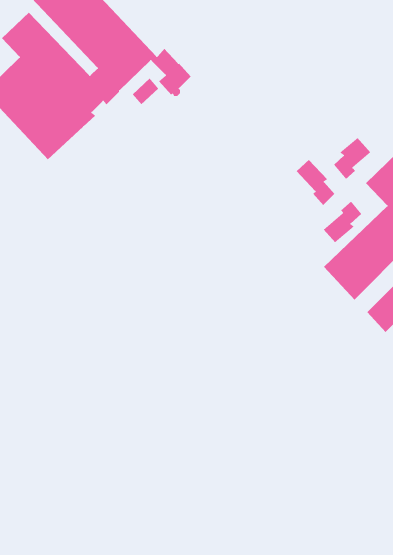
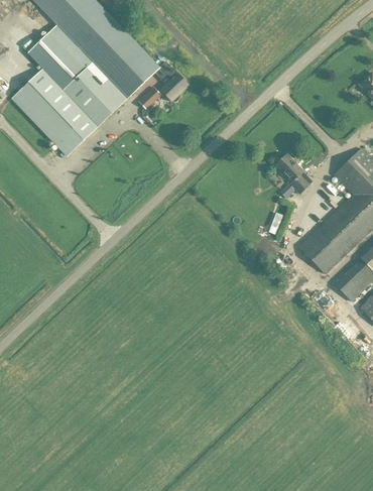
building: [333,137,371,180] -> none
building: [323,200,362,243] -> none

